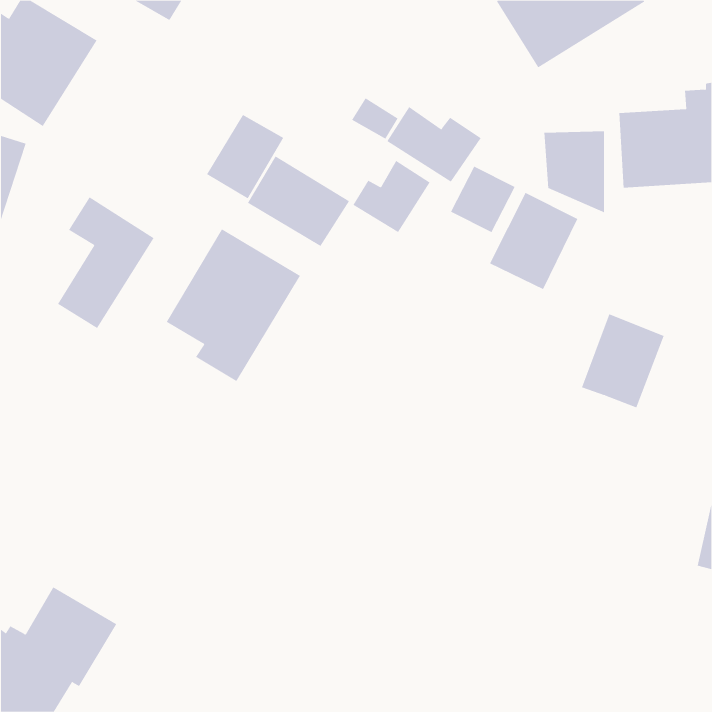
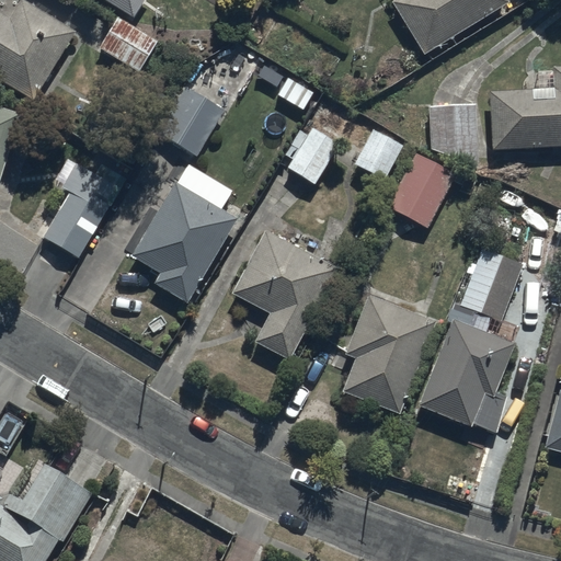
building: none -> [99,16,156,71]
building: [387,106,482,183] -> none
building: [247,156,350,247] -> none
building: none -> [230,229,335,359]
building: none -> [341,295,435,413]
building: none -> [416,317,515,434]

